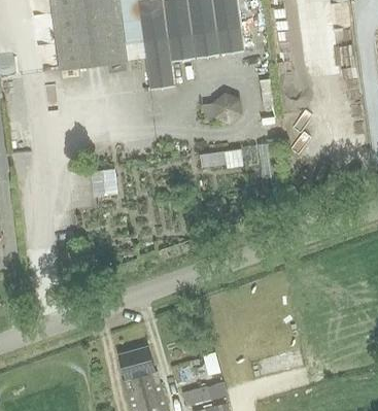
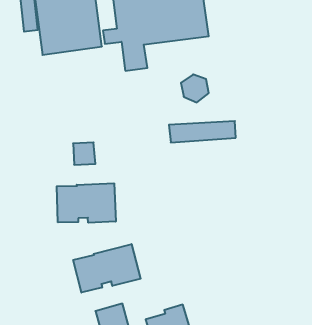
building: none -> [57,183,116,223]
building: none -> [73,244,141,293]

